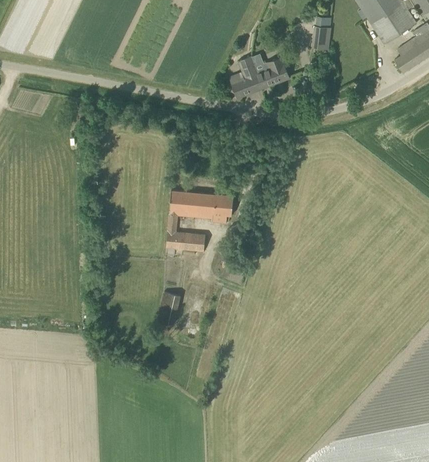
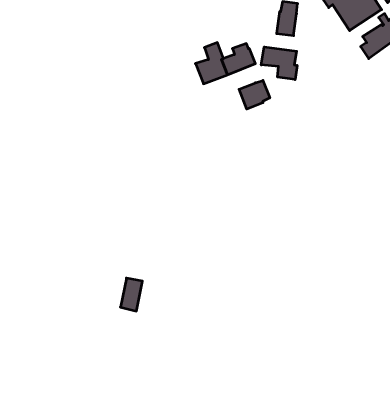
building: none -> [261,47,297,80]
building: none -> [239,80,270,109]
building: [166,190,235,255] -> none

